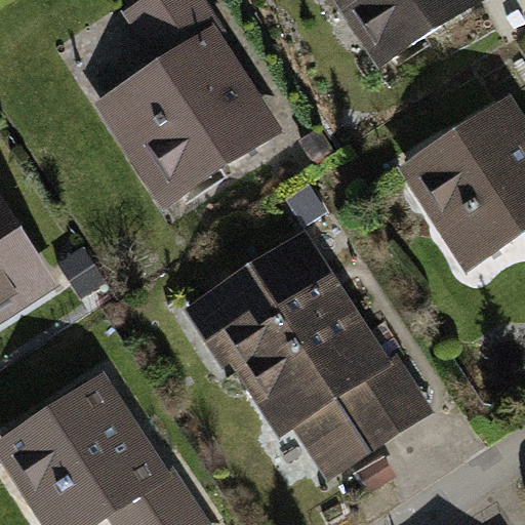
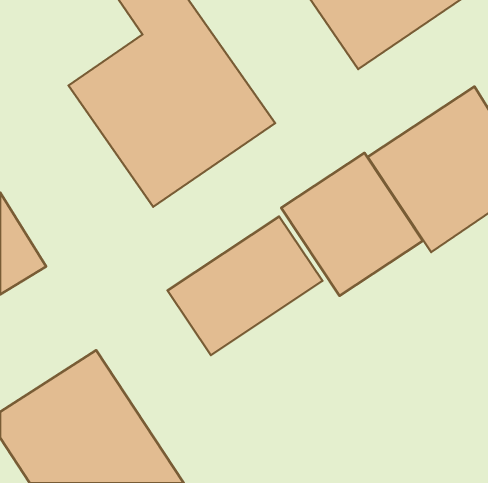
building: none -> [281,153,423,296]
building: [229,299,421,474] -> none

